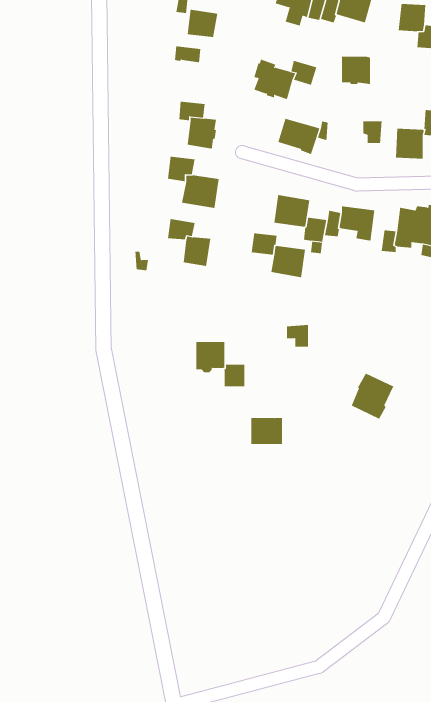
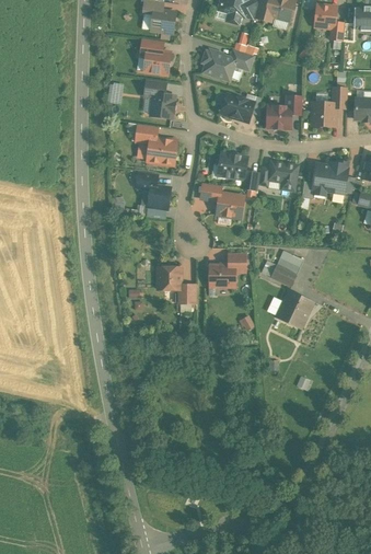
building: [341,56,371,84] -> [267,106,290,128]
building: none -> [143,49,170,74]
building: none -> [271,255,303,286]
building: [250,418,283,444] -> [209,265,234,286]

